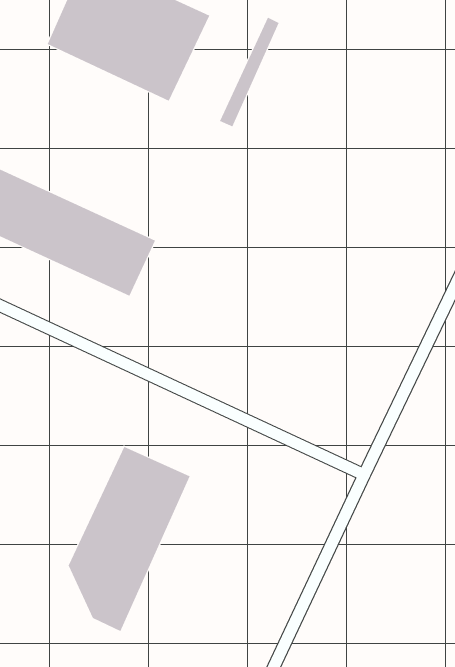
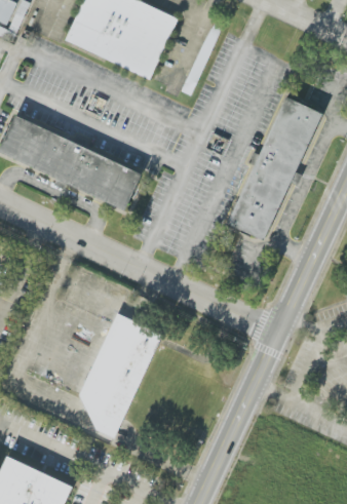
building: none -> [224,98,317,241]

